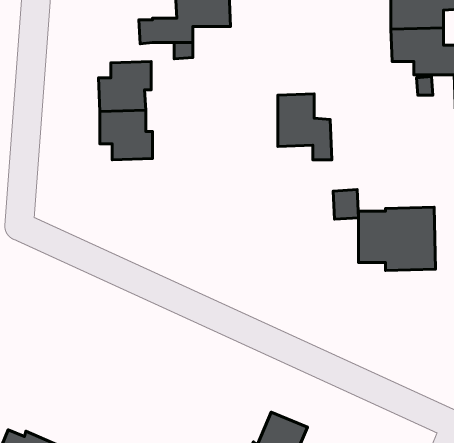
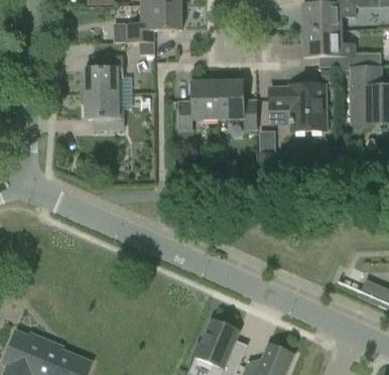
building: none -> [178,81,218,131]
building: [359,207,435,271] -> [269,83,327,130]

